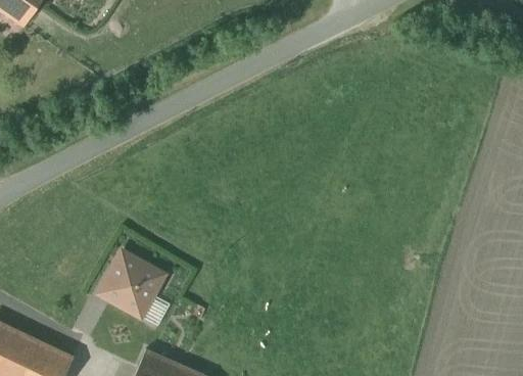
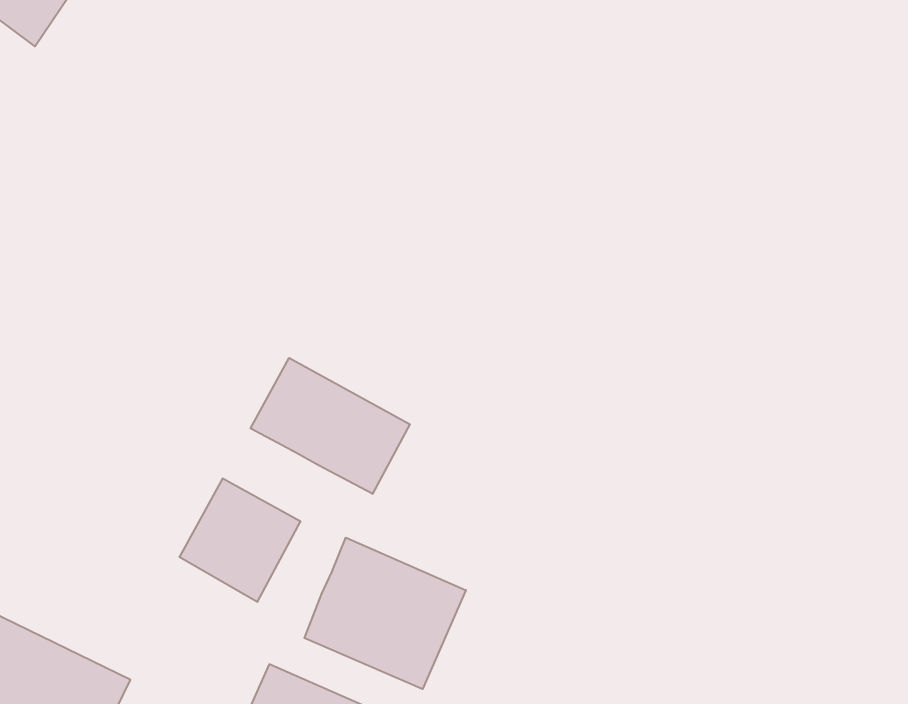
building: none -> [251,358,410,494]
building: none -> [304,538,466,689]

